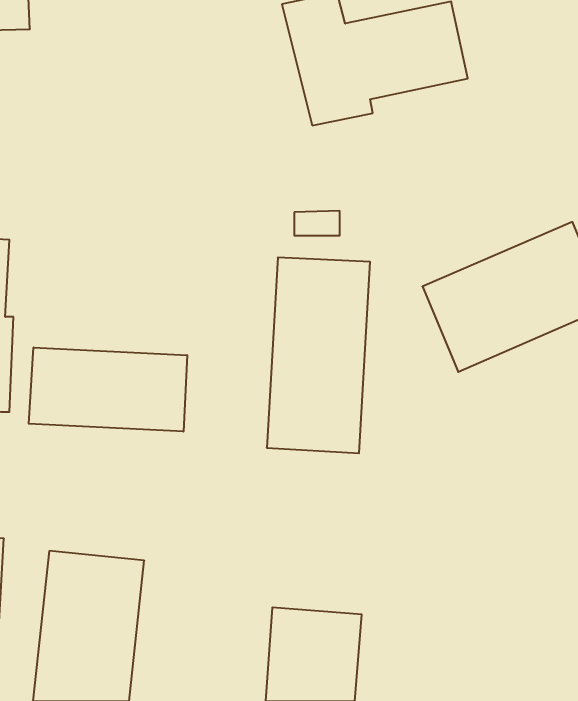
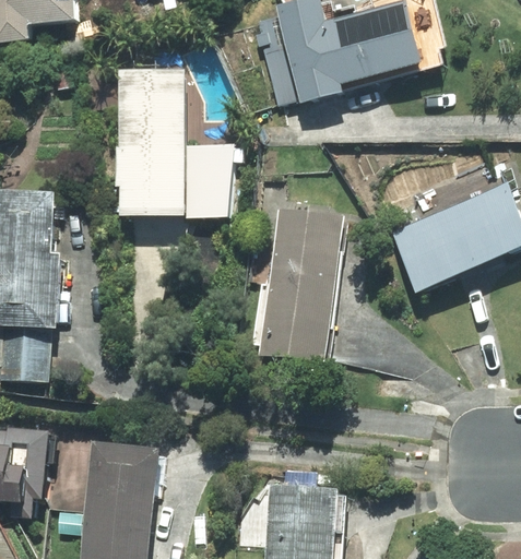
building: none -> [114,70,234,219]
building: [29,347,187,432] -> none

